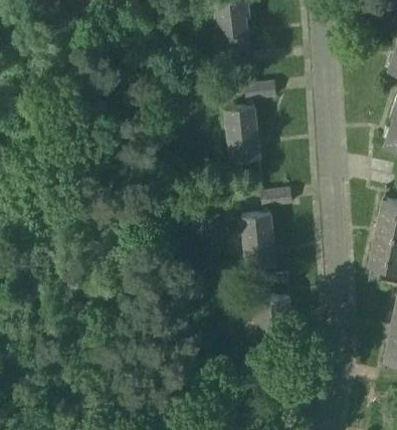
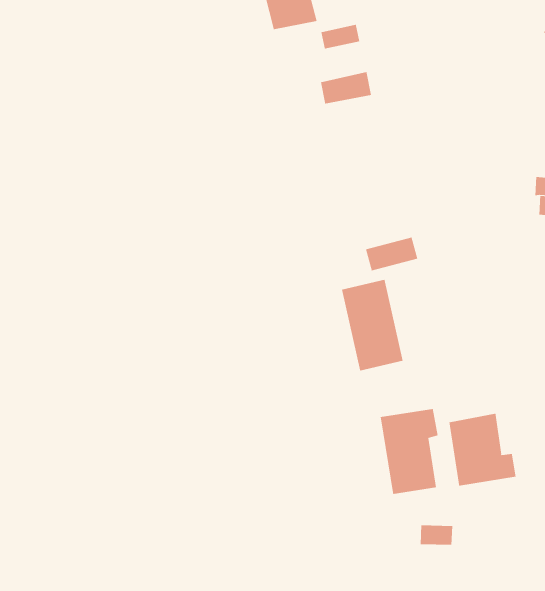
building: [225,105,259,162] -> none
building: none -> [449,413,516,486]

